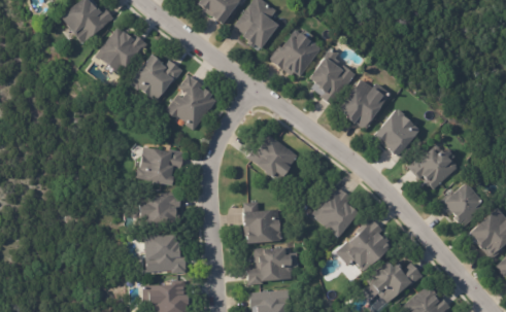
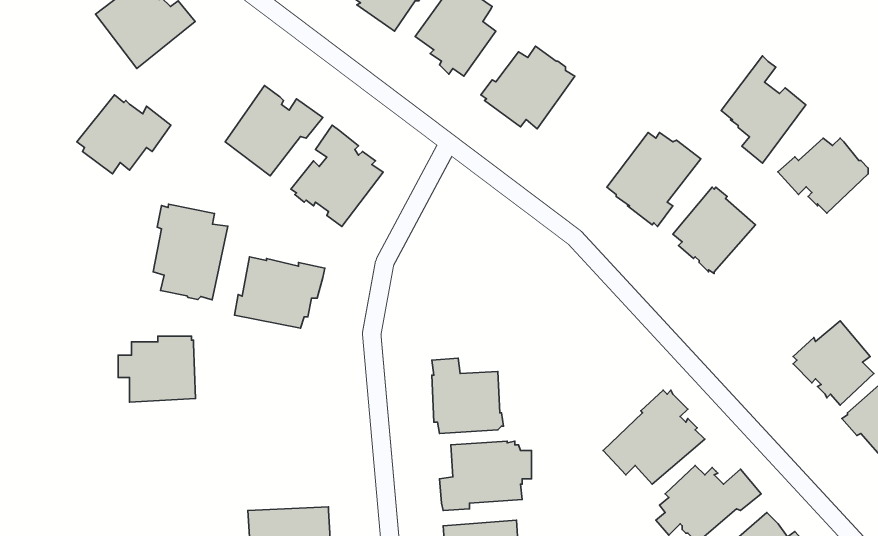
building: [96,27,147,70] -> [77,95,171,174]
building: [309,46,356,105] -> [721,56,806,163]
building: none -> [153,204,228,300]
building: [247,133,298,176] -> none
building: [408,148,458,189] -> [778,138,868,213]
building: [312,186,359,238] -> none
building: [139,193,181,229] -> [118,336,195,402]
building: [142,234,187,274] -> none

